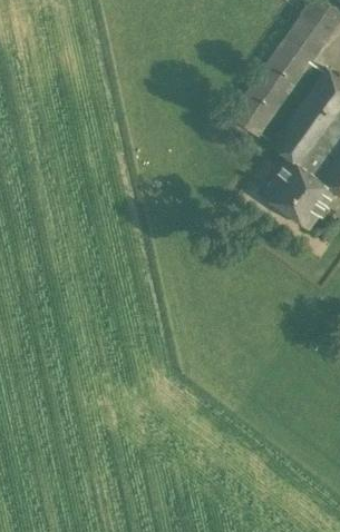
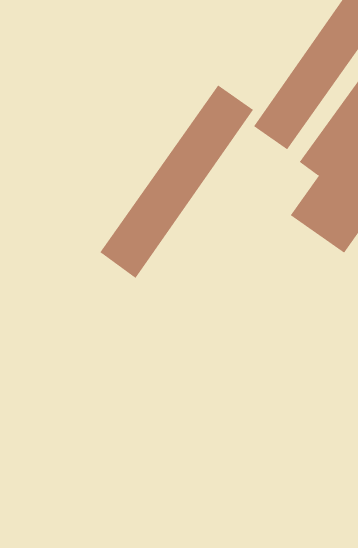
building: none -> [100,84,254,279]

